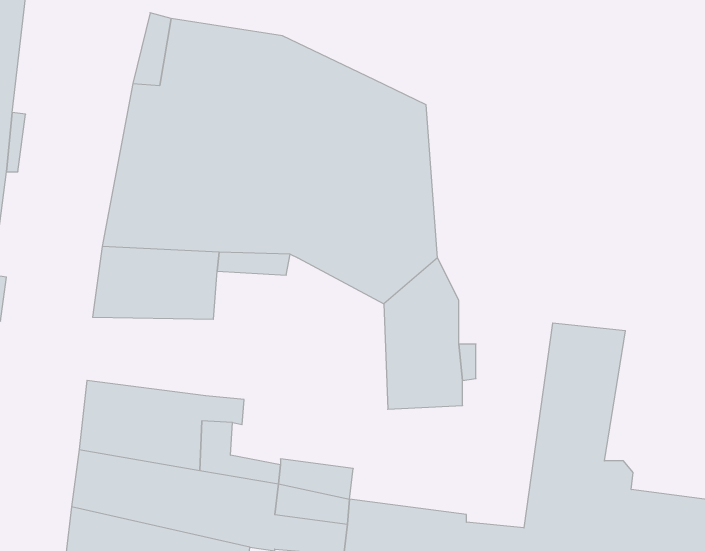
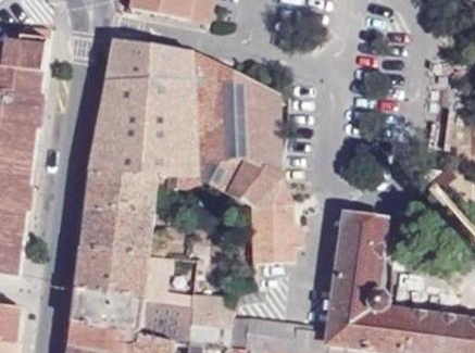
building: none -> [80,212,152,256]

